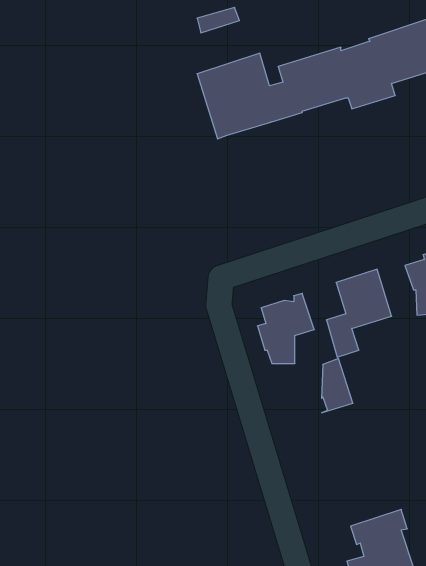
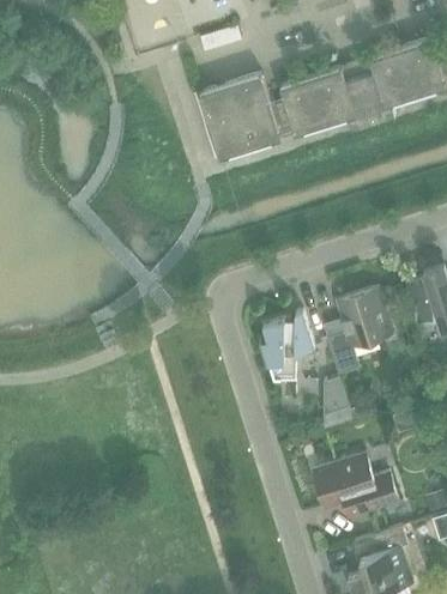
building: none -> [314,454,398,517]

